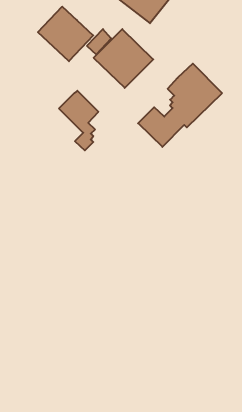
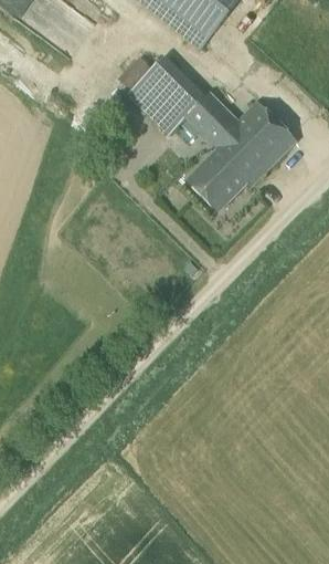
building: [38,7,93,61] -> none
building: [59,91,98,150] -> [185,93,237,171]

